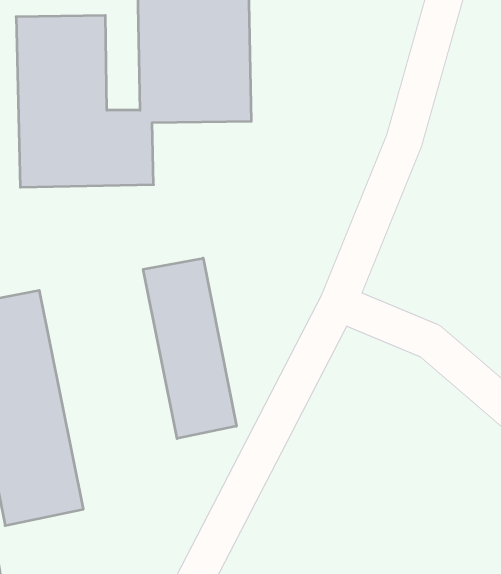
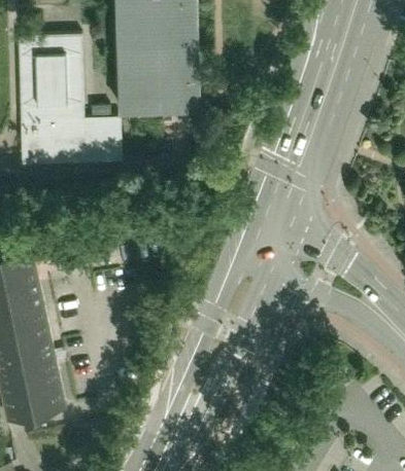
building: [143,258,236,439] -> none

